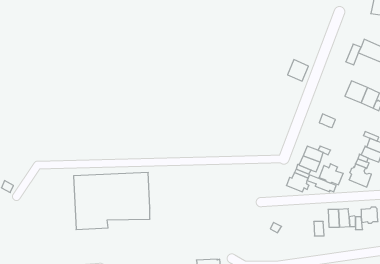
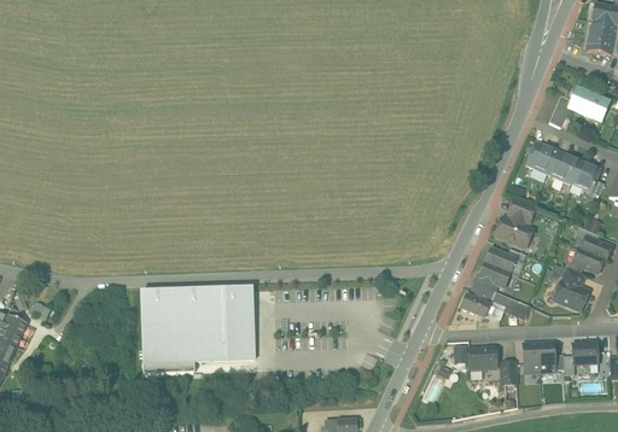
building: [288,60,308,81] -> [526,141,558,174]
building: [319,164,343,185] -> [496,215,532,246]
building: none -> [470,346,496,379]

